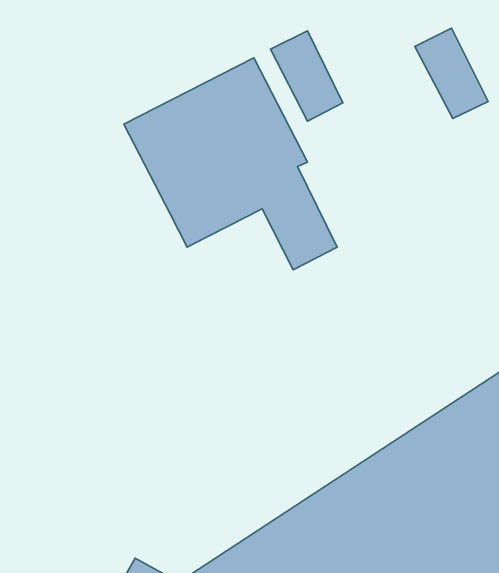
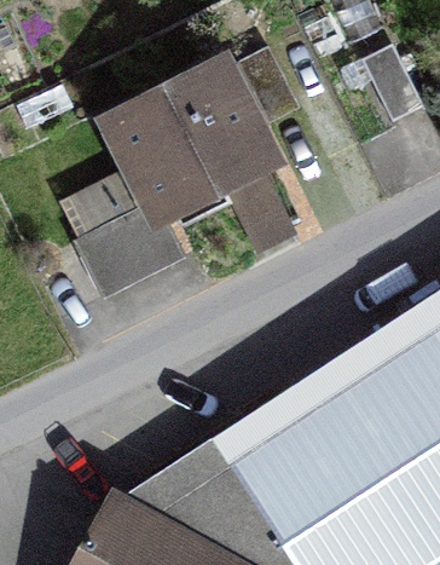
building: none -> [59,171,181,292]

